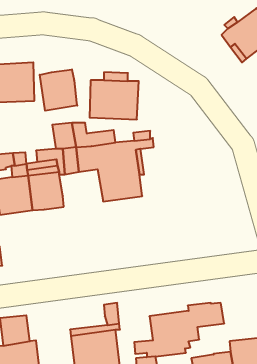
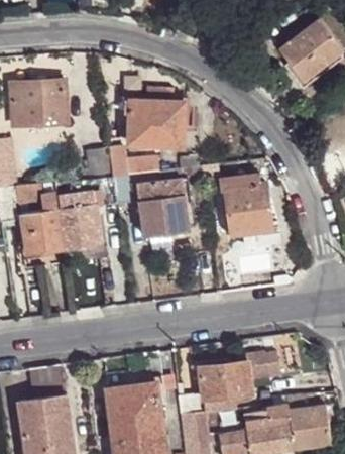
building: [40,69,77,111] -> none
building: none -> [223,182,267,235]

